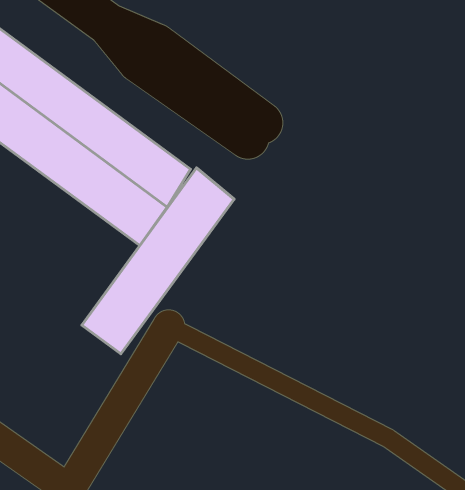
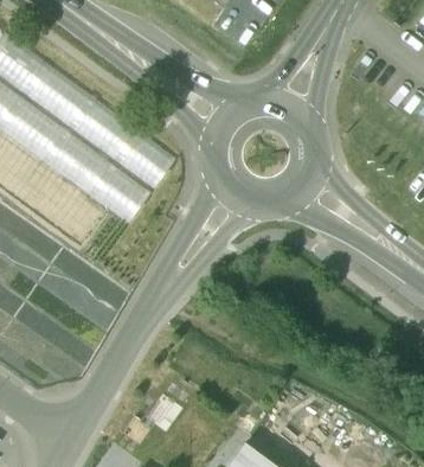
building: [82,168,234,354] -> none

